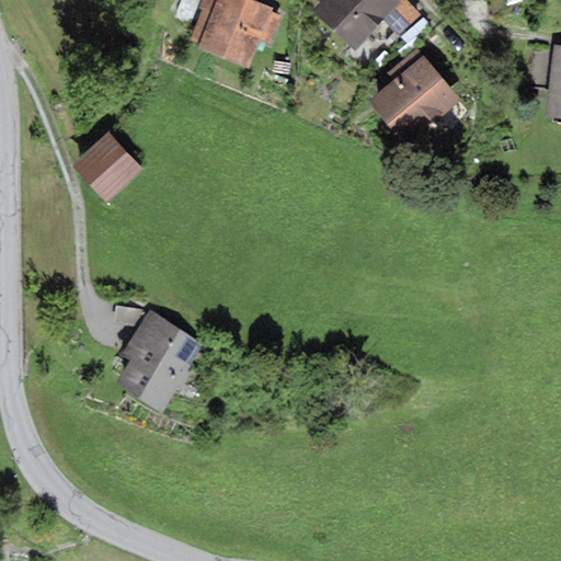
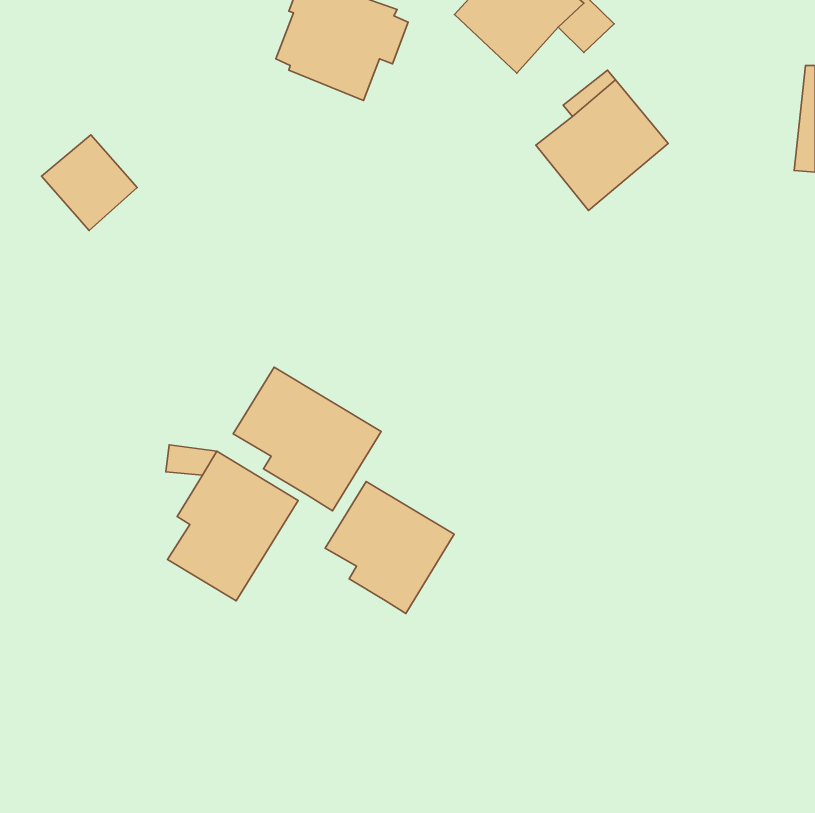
building: [75,134,140,199] -> [41,135,137,230]
building: none -> [233,367,381,511]
building: none -> [325,481,454,613]

